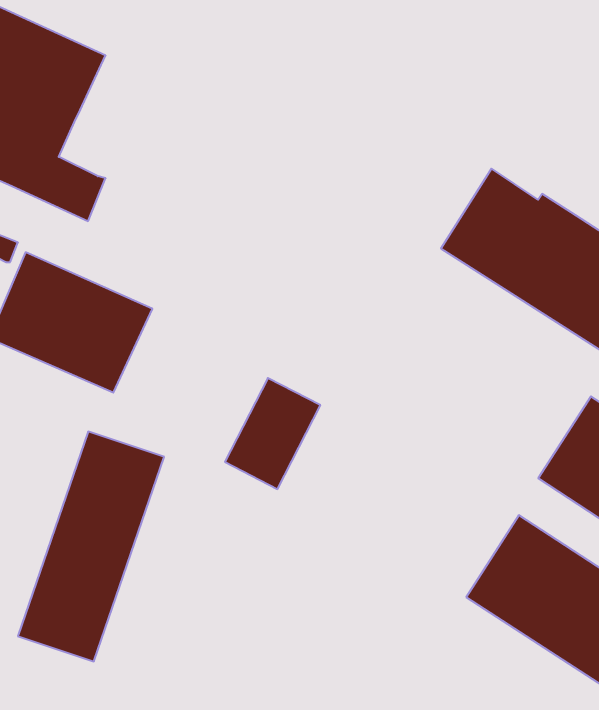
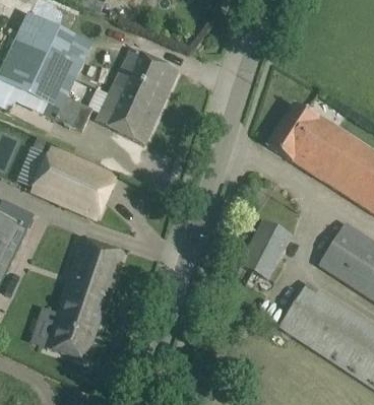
building: none -> [87,48,178,144]
building: [225,378,320,489] -> [240,220,290,278]

